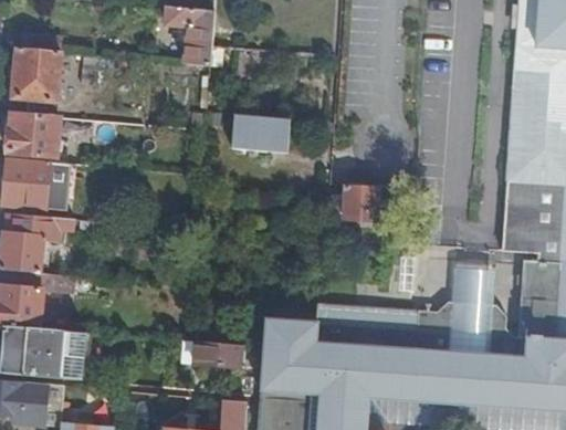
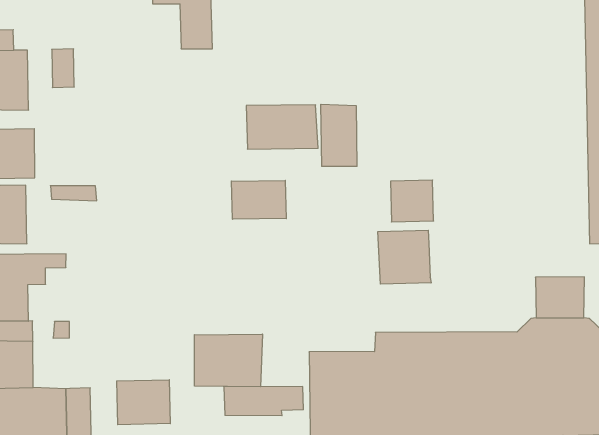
building: none -> [321,104,357,166]
building: none -> [231,180,286,219]
building: none -> [378,230,431,284]
building: none -> [194,334,262,387]
building: none -> [117,380,170,425]

